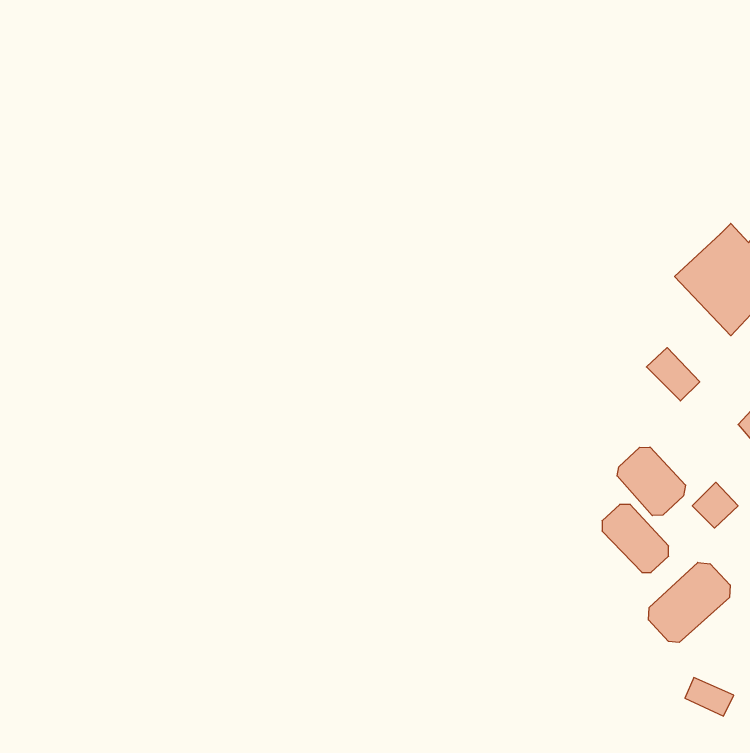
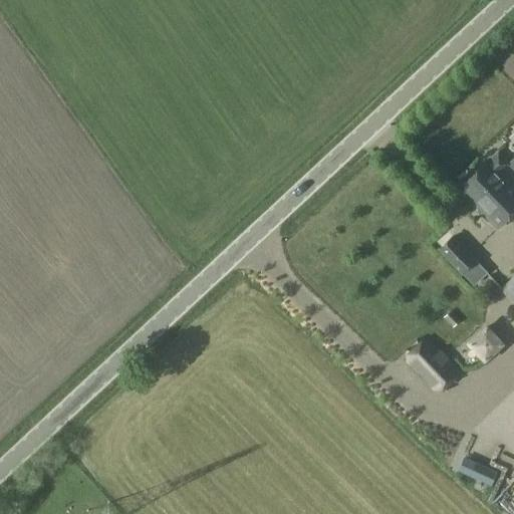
building: [617,447,686,516] -> none
building: [648,562,730,642] -> none

